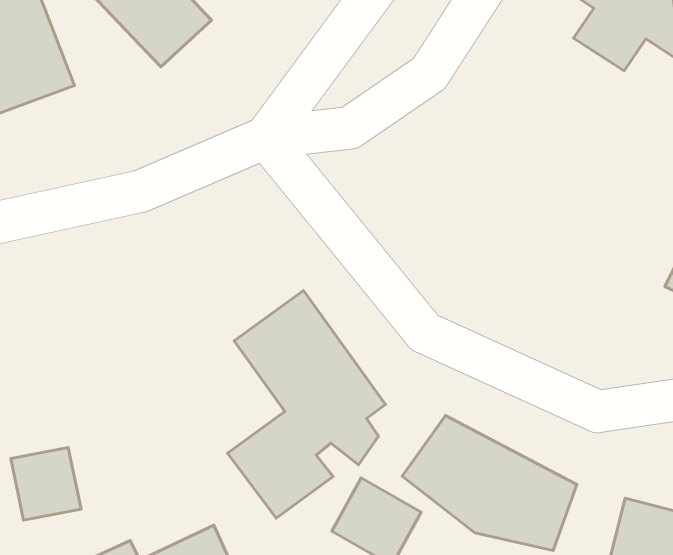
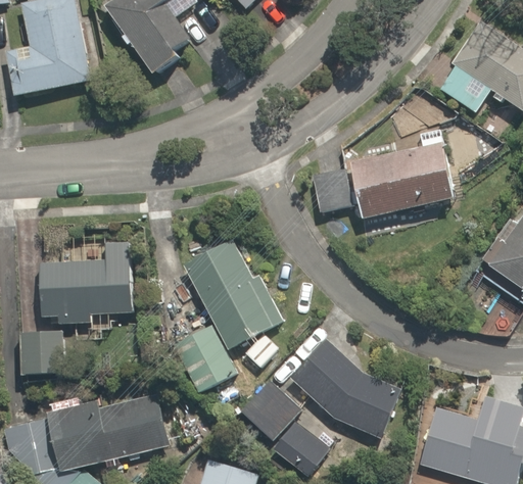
building: none -> [308,143,459,219]
building: none -> [36,241,132,323]

